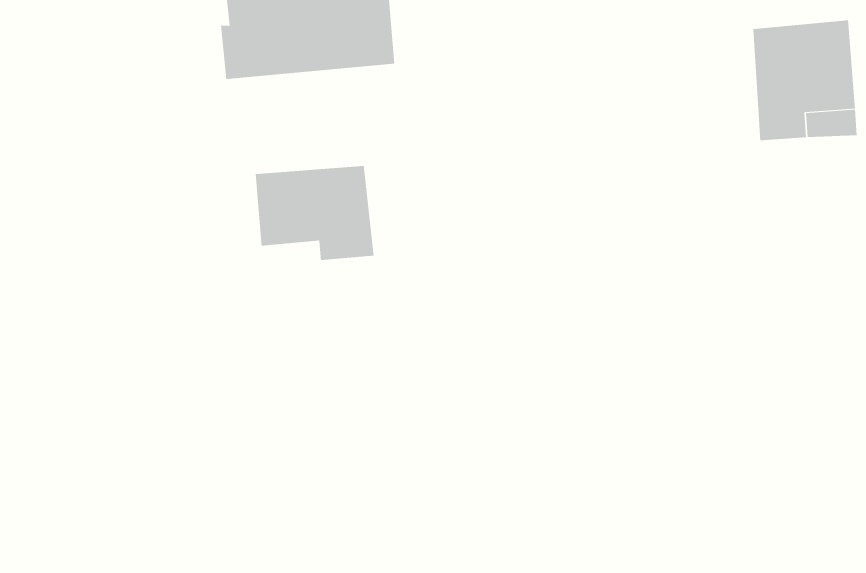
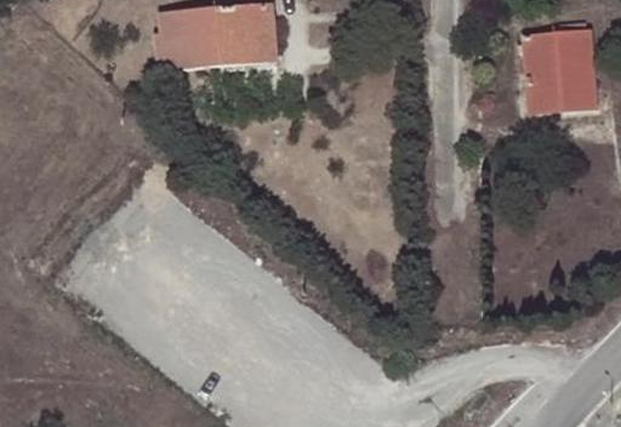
building: [255,165,374,261] -> none

